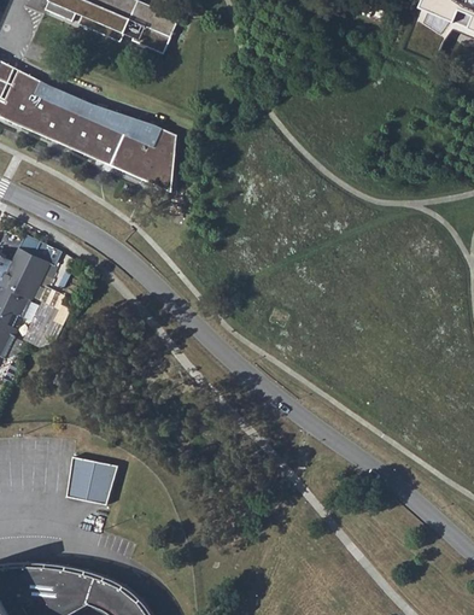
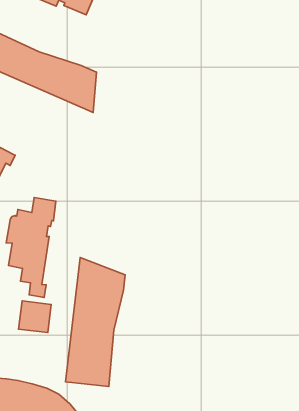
building: none -> [6,197,56,298]
building: none -> [65,257,125,386]

